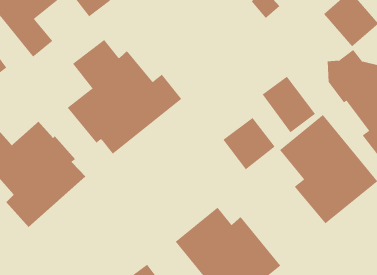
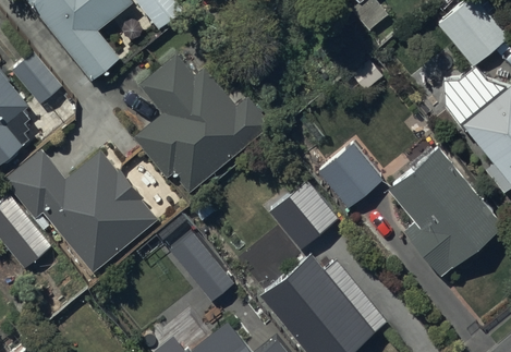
building: [262,76,316,133] -> none
building: none -> [271,182,339,248]
building: none -> [170,233,235,304]

